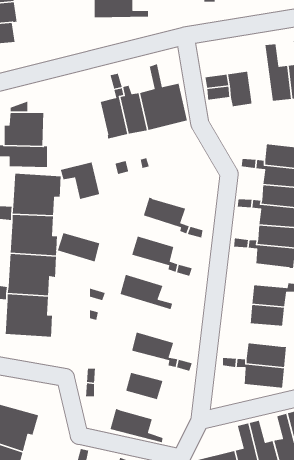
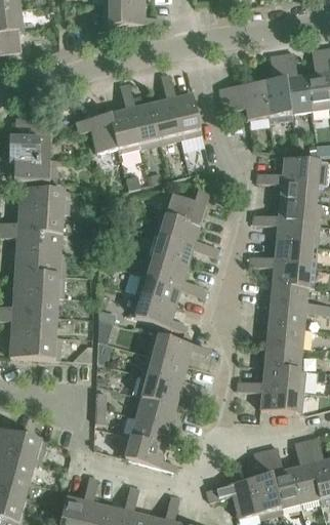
building: none -> [264,53,292,122]
building: [60,162,100,200] -> [76,113,118,153]
building: none -> [165,189,210,225]
building: none -> [149,233,194,265]
building: [57,232,100,262] -> [136,274,181,306]
building: none -> [271,283,307,308]
building: none -> [148,333,208,365]
building: none -> [264,346,301,369]
building: none -> [136,374,181,405]
building: none -> [131,416,170,445]

